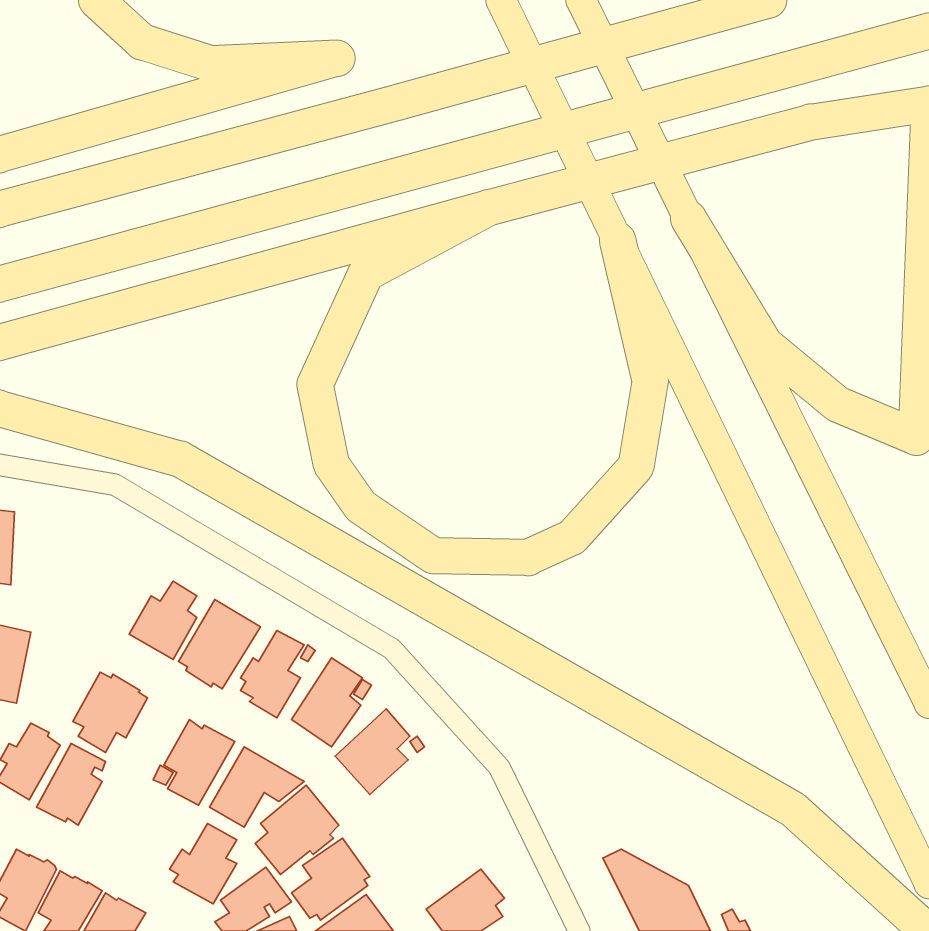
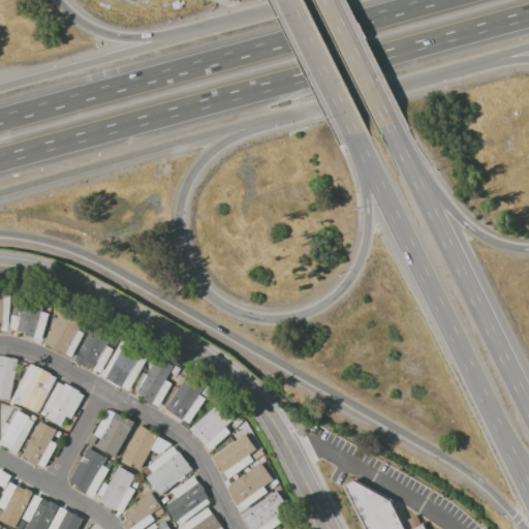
building: none -> [11,298,42,338]
building: none -> [43,309,85,356]
building: none -> [14,364,57,413]
building: none -> [212,433,256,478]
building: none -> [67,446,113,495]
building: none -> [227,462,273,509]

